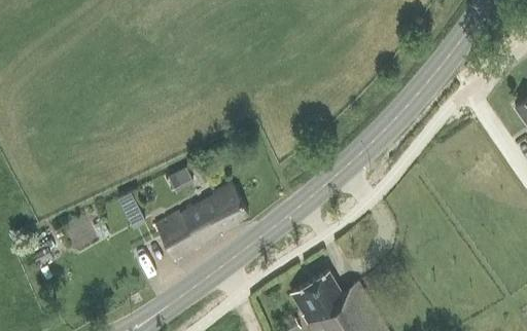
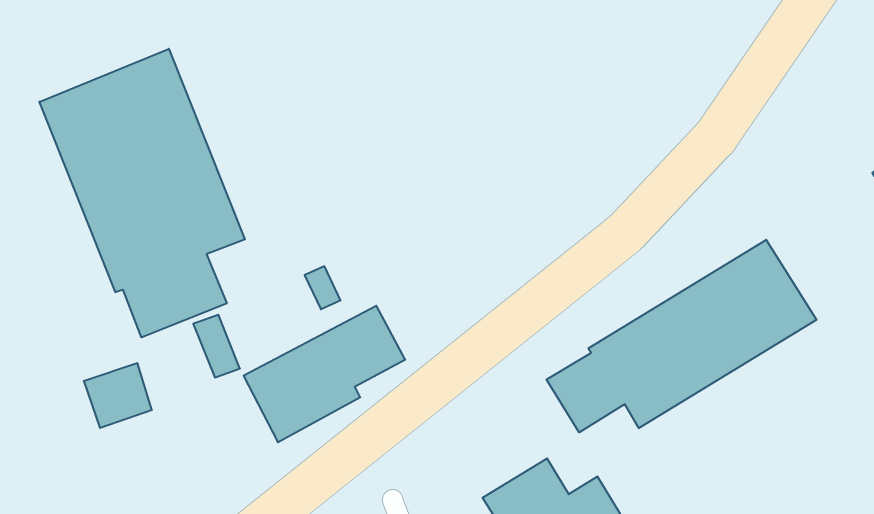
building: none -> [39,49,245,337]
building: none -> [547,240,816,432]

